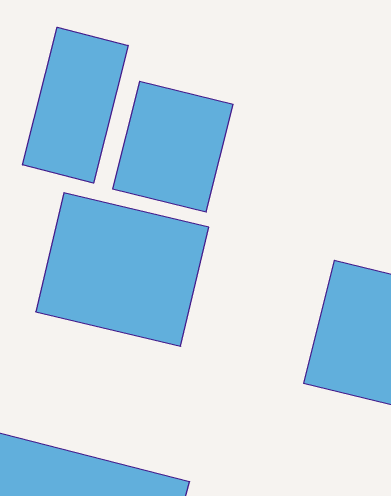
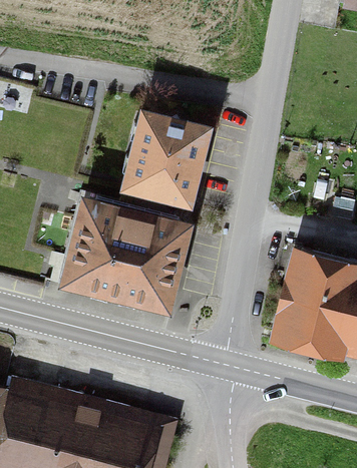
building: [23,27,128,183] -> none

